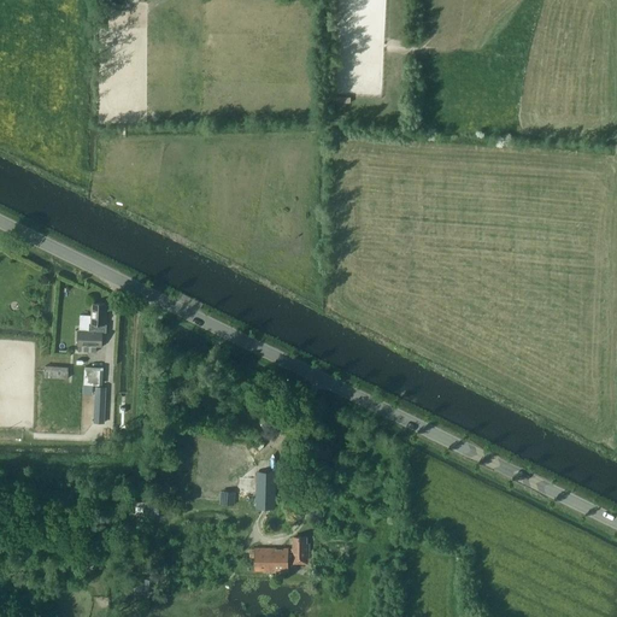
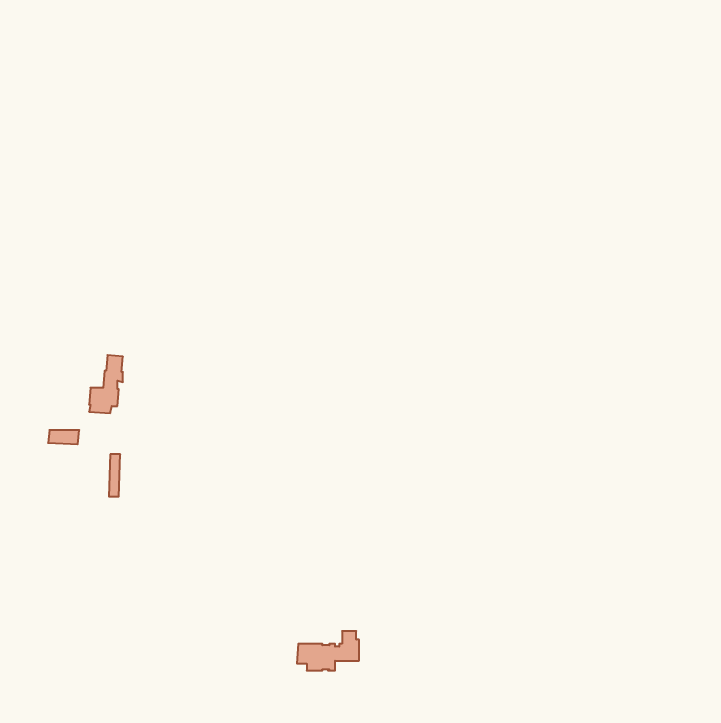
building: [255,472,274,509] -> none

